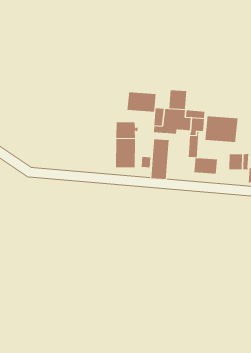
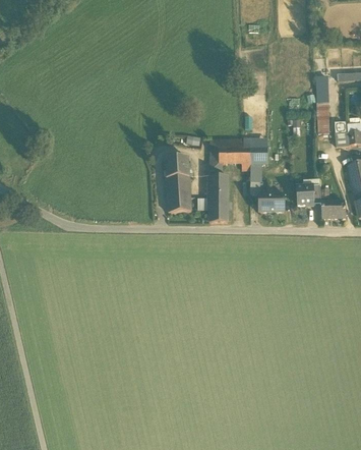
building: [169,89,187,110] -> none
building: [127,92,156,113] -> none
building: [205,116,238,143] -> none

